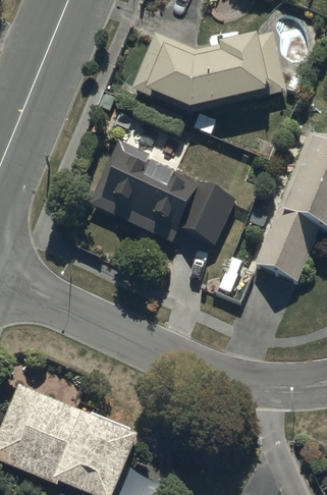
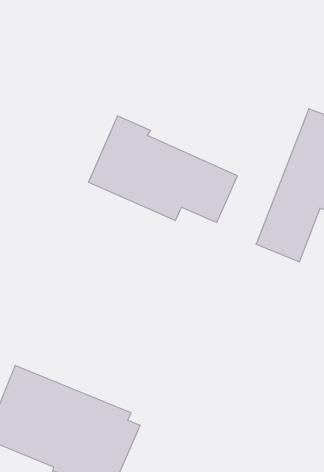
building: [131,30,287,112] -> none

